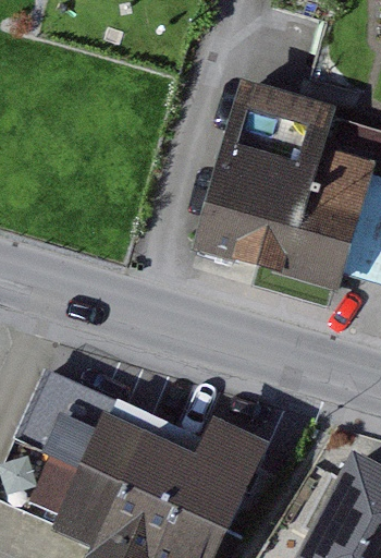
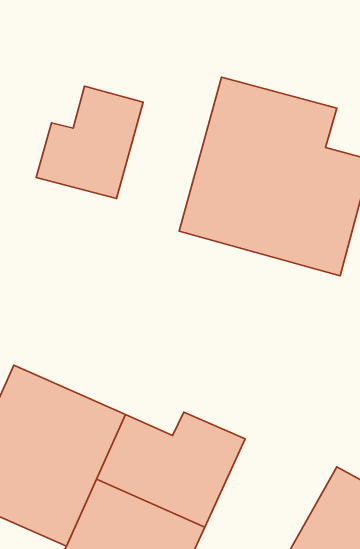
building: none -> [36,86,143,199]

